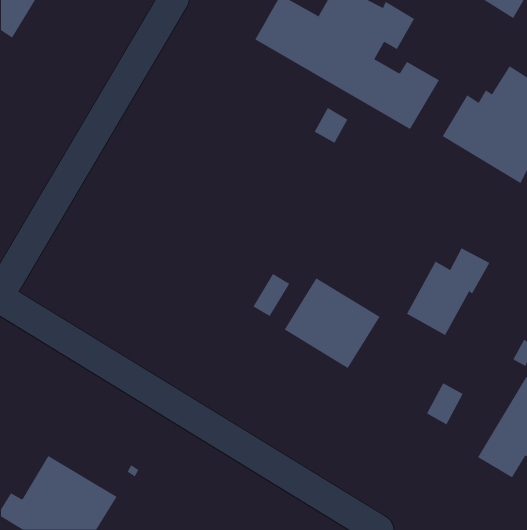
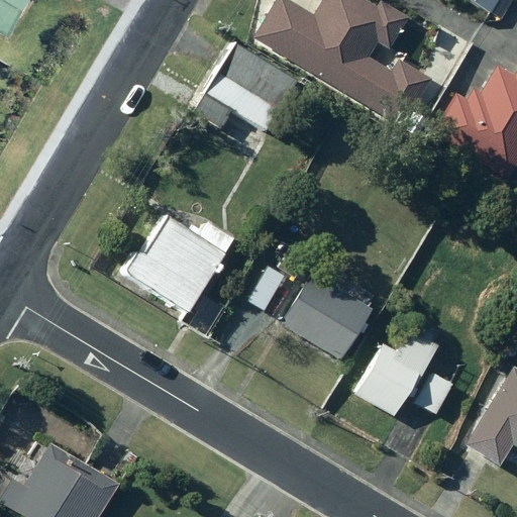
building: none -> [193,40,298,129]
building: none -> [124,214,235,339]
building: [406,247,490,336] -> [356,329,438,415]

